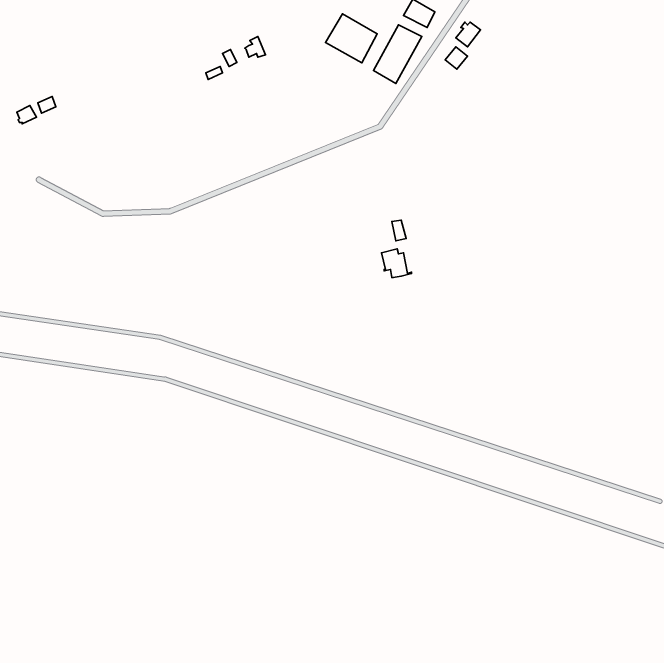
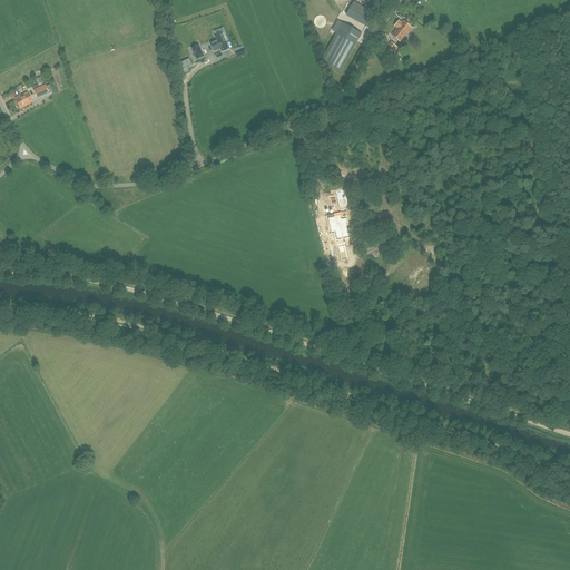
building: [326,14,377,63] -> none

